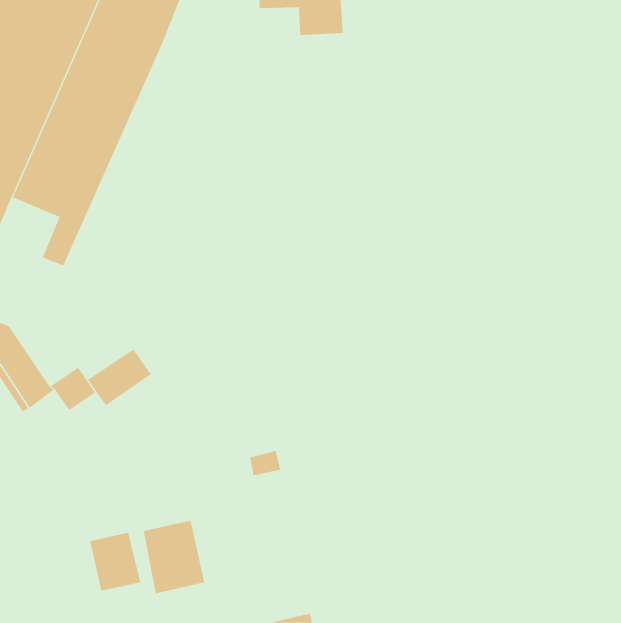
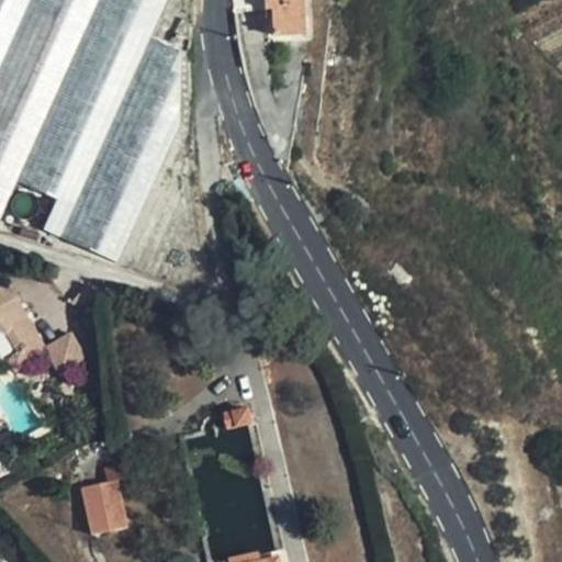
building: none -> [57,38,176,265]
building: [87,349,152,406] -> none
building: [143,520,205,594] -> none

